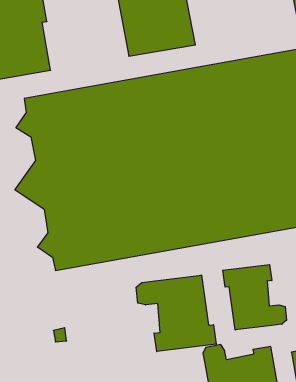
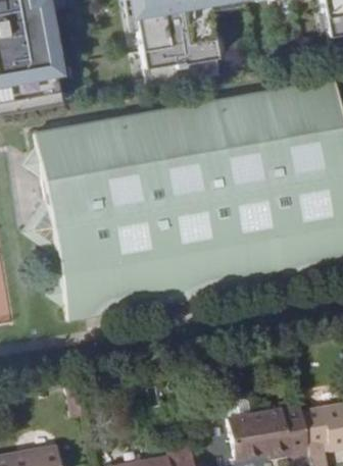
building: [223,265,287,330] -> none
building: [136,275,216,352] -> none

